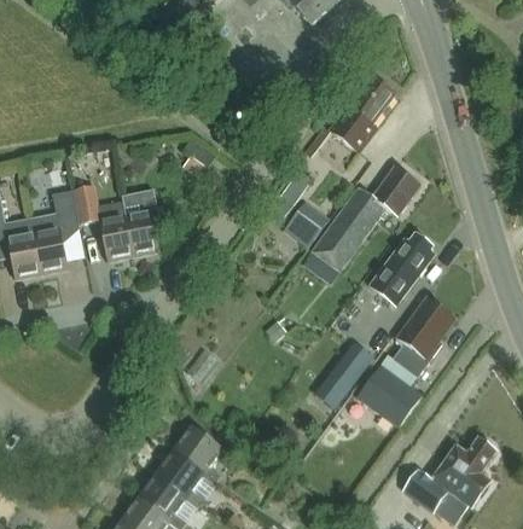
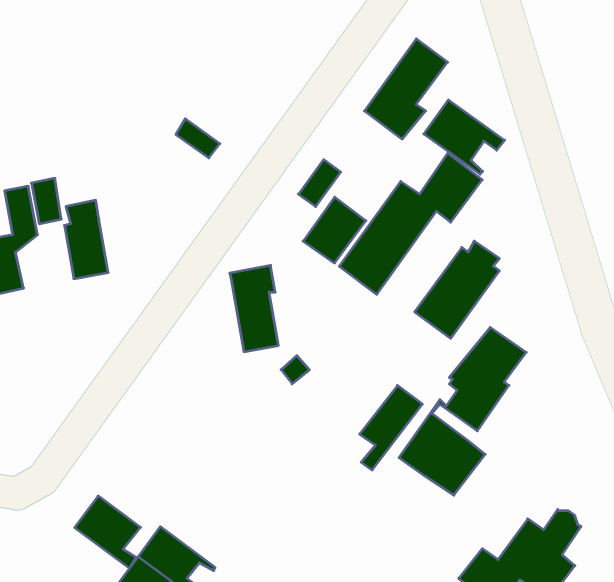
building: none -> [424,100,505,174]
building: [122,190,159,256] -> [230,265,278,352]
building: [173,428,223,483] -> [75,496,141,568]

